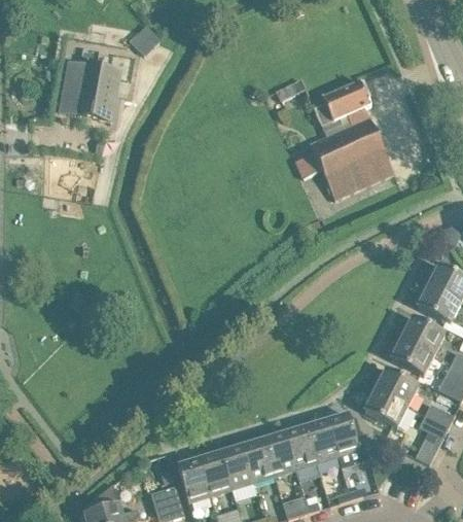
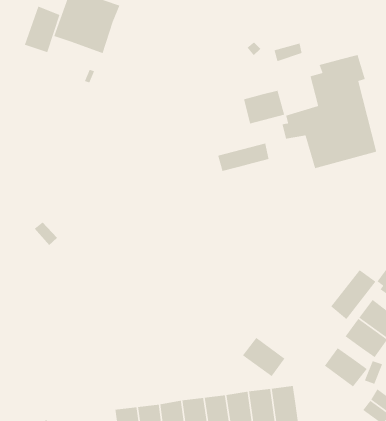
building: none -> [24,6,60,53]
building: none -> [243,90,285,124]
building: none -> [217,142,269,172]
building: none -> [330,269,376,320]
building: [363,389,406,426] -> [242,337,286,377]

